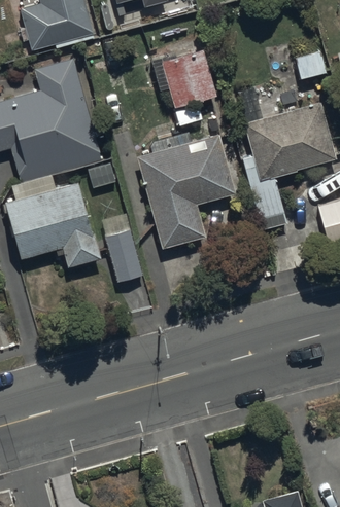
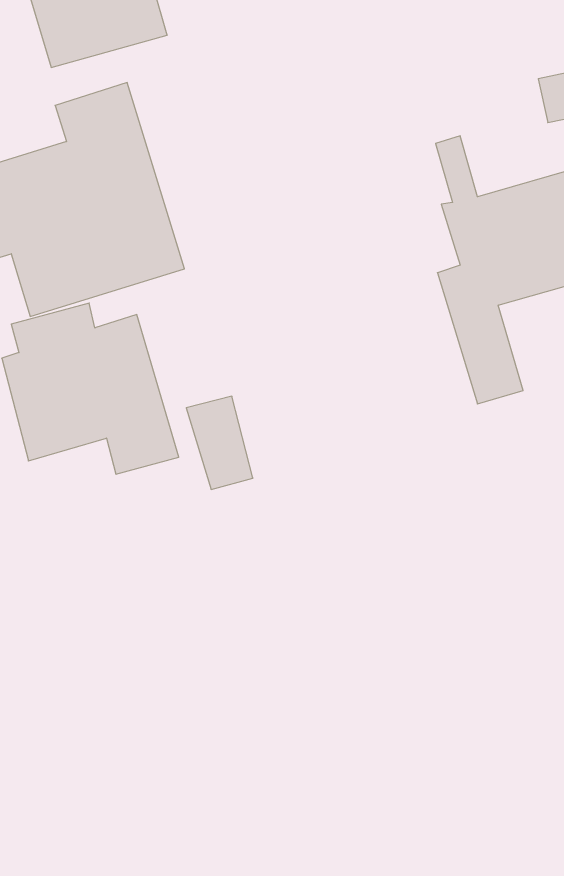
building: [162,51,215,111] -> none
building: [138,132,237,250] -> none

